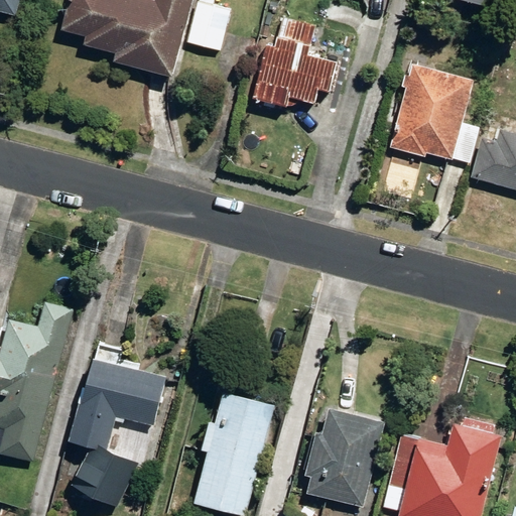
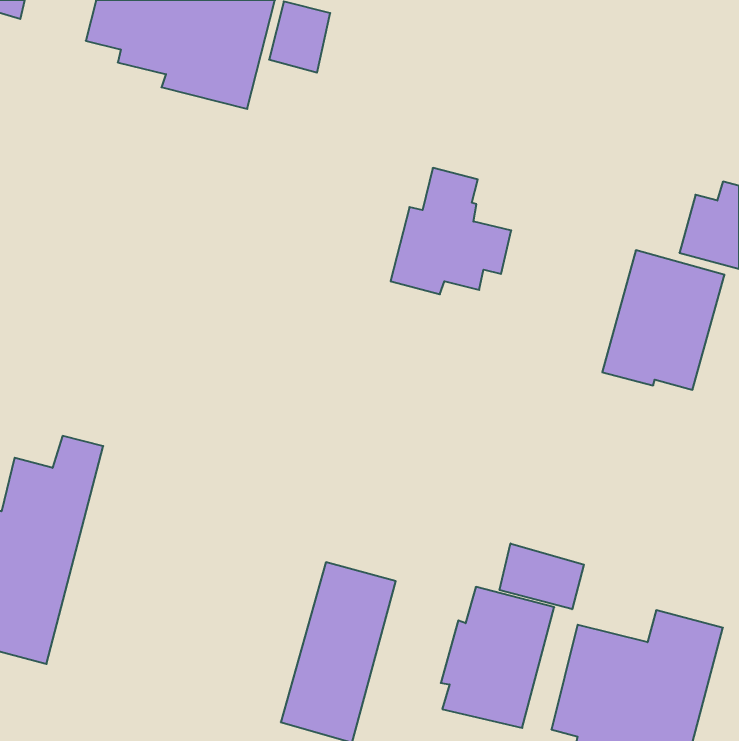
building: [252,18,336,106] -> [391,168,511,294]
building: [389,62,474,159] -> [602,250,725,390]
building: [72,358,164,506] -> none
building: none -> [500,543,584,609]

